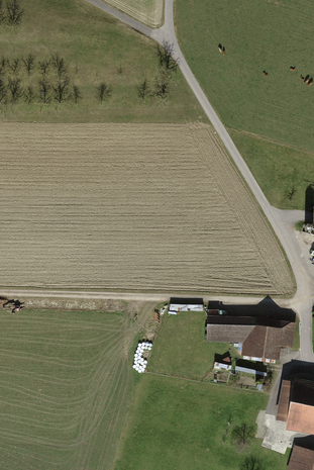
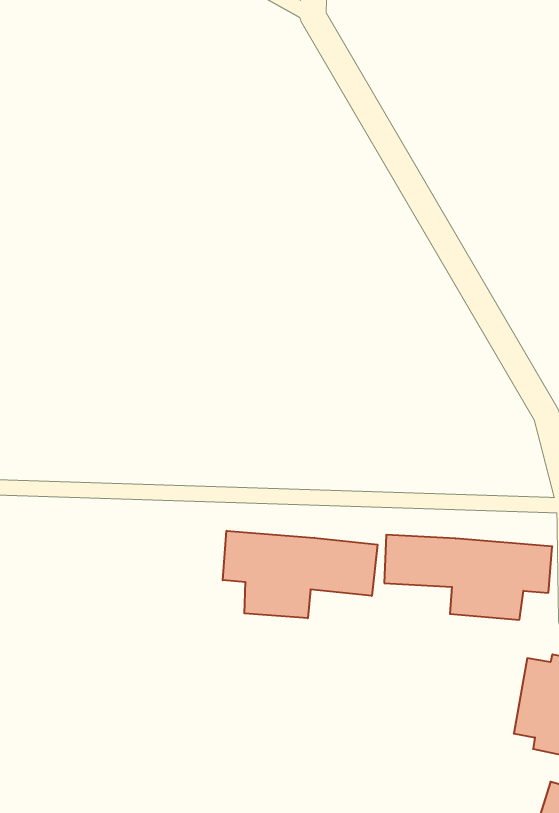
building: none -> [223,531,378,618]

